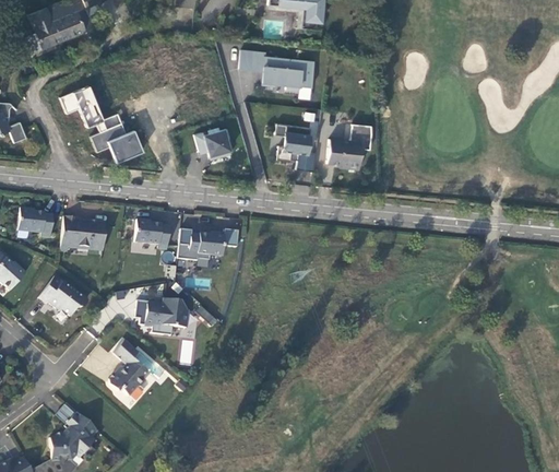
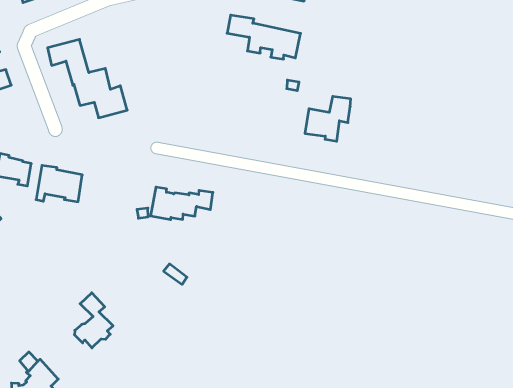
building: [275,123,316,172] -> none
building: [194,128,231,158] -> none
building: [134,219,169,248] -> none
building: [38,275,86,315] -> none
building: [134,297,189,327] -> none

